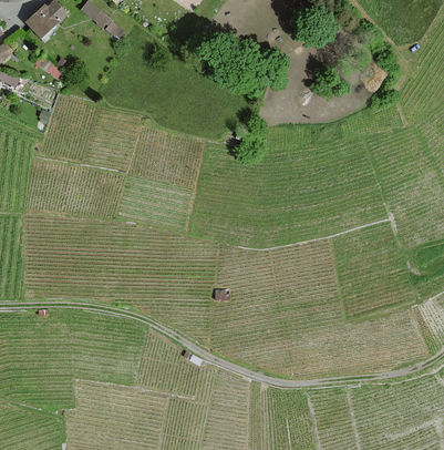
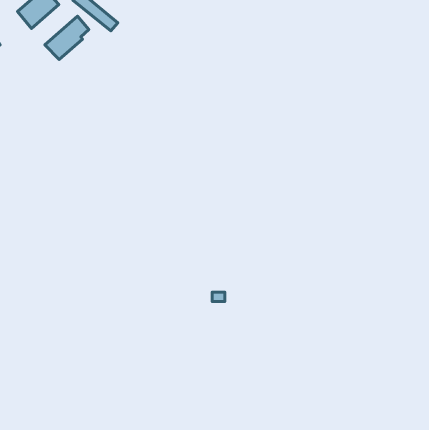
building: none -> [45,16,89,59]

